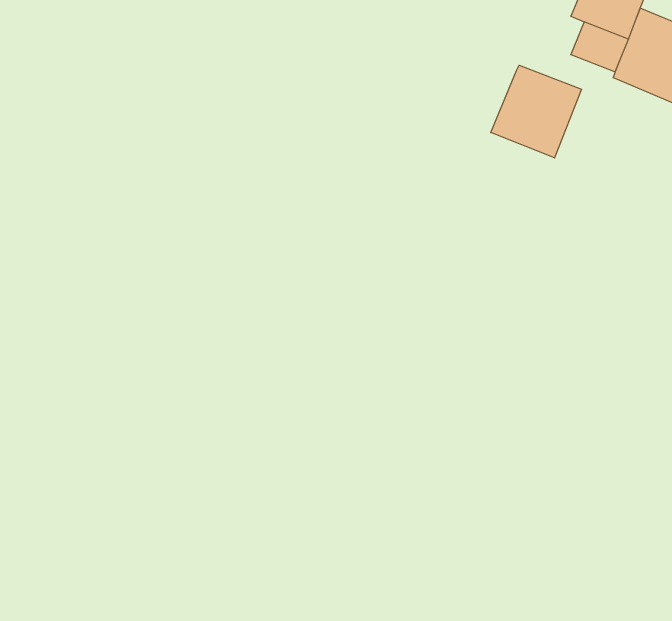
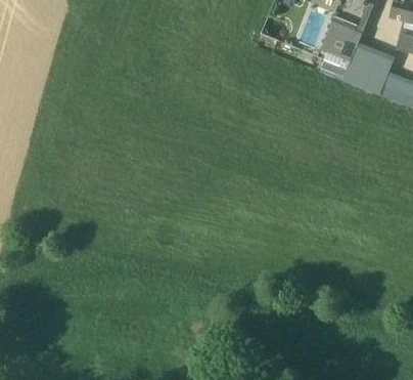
building: [491,65,582,158] -> none

